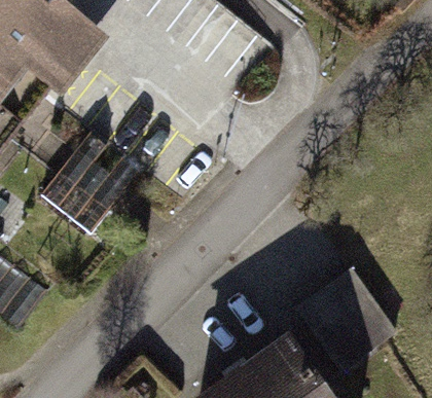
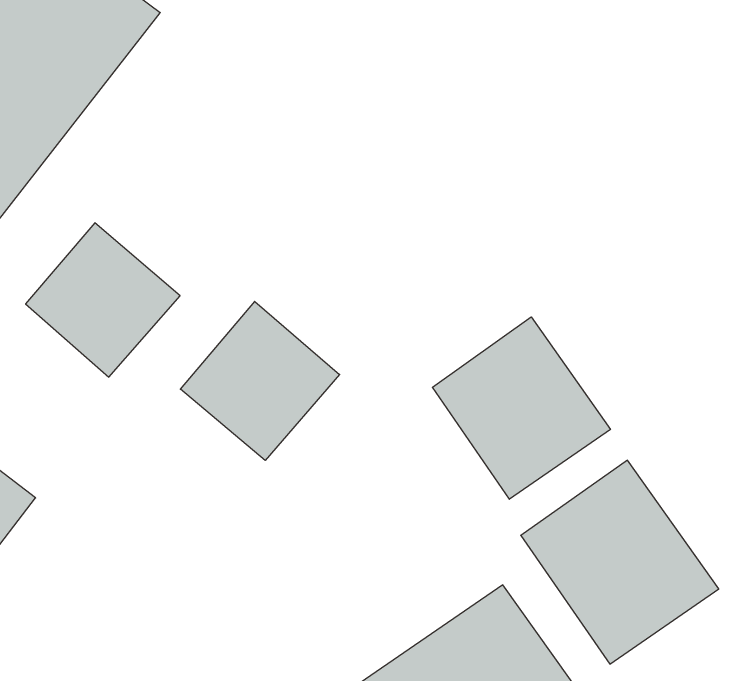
building: none -> [180,301,340,460]
building: none -> [432,317,610,499]

